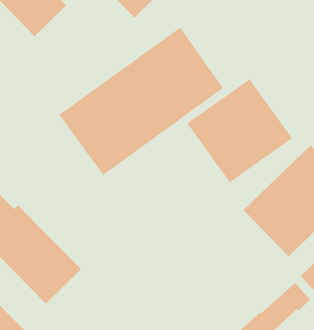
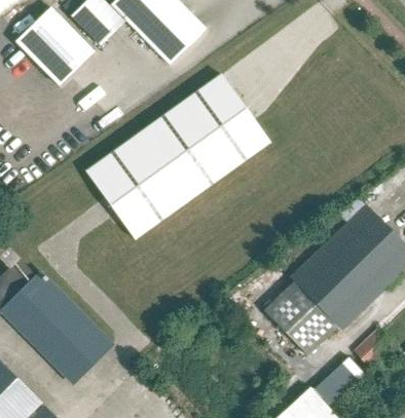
building: [187,78,293,183] -> none
building: none -> [260,278,338,355]

